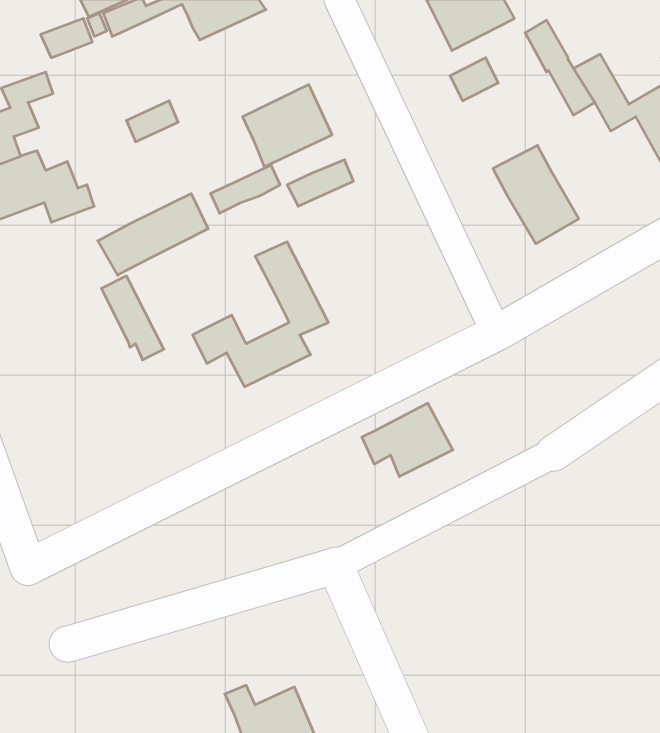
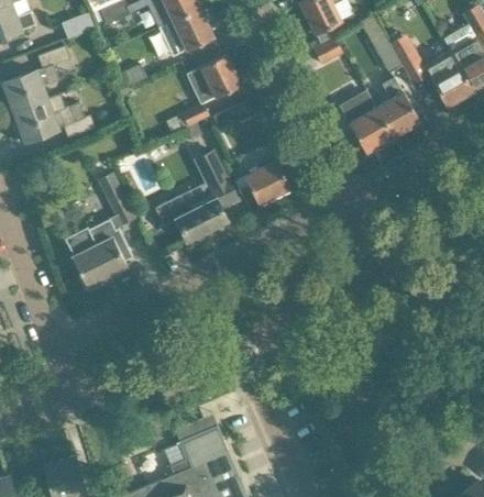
building: none -> [158,8,212,56]
building: none -> [375,77,419,136]
building: [98,194,208,275] -> none
building: none -> [72,220,132,289]
building: [362,403,453,477] -> [234,159,290,205]

